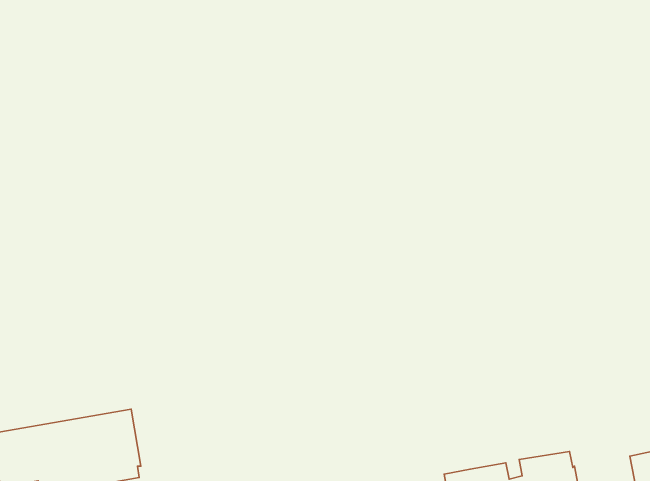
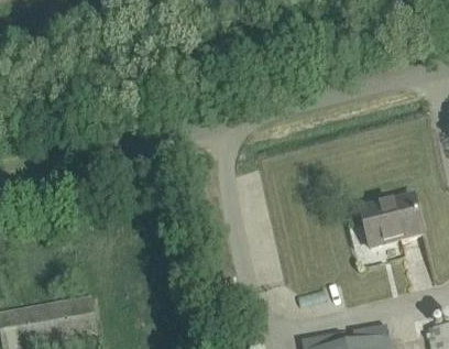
building: none -> [359,194,421,247]

